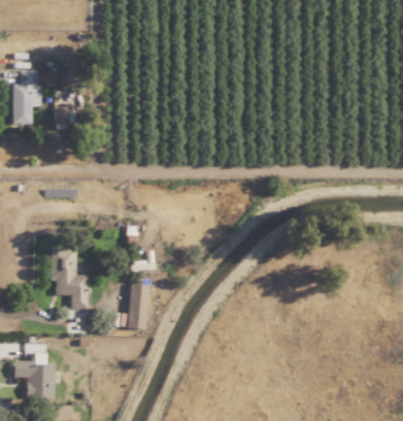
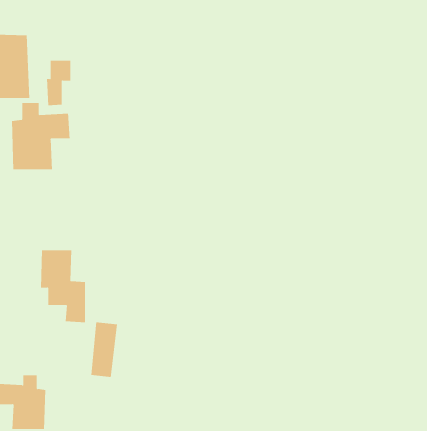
building: none -> [11,102,70,170]
building: [127,285,149,331] -> [90,322,118,378]

